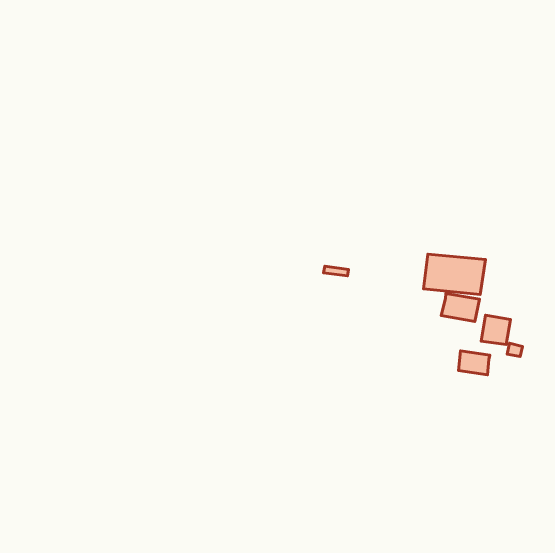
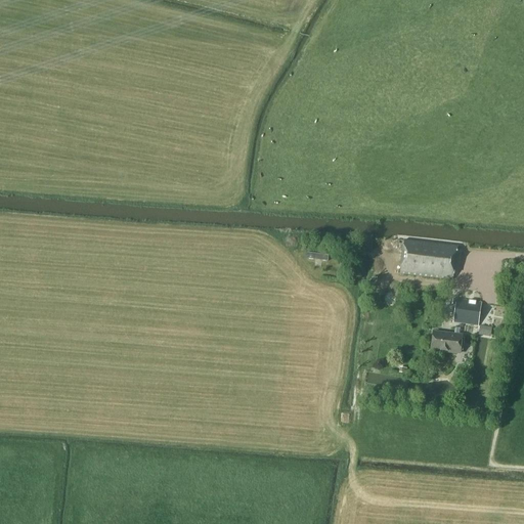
building: [441,293,479,321] -> none

